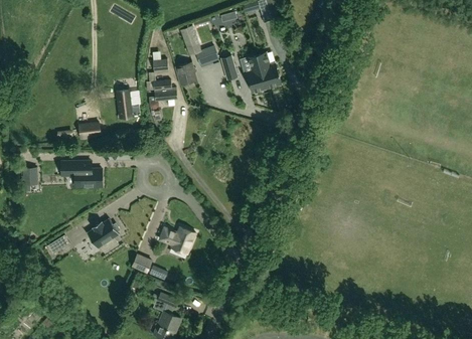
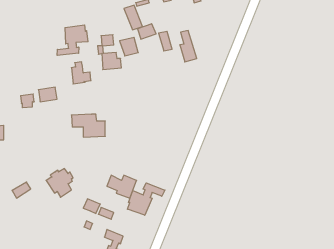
building: none -> [57,25,88,55]
building: [257,51,282,88] -> none
building: [61,160,102,187] -> [71,114,105,137]
building: none -> [127,183,165,215]

